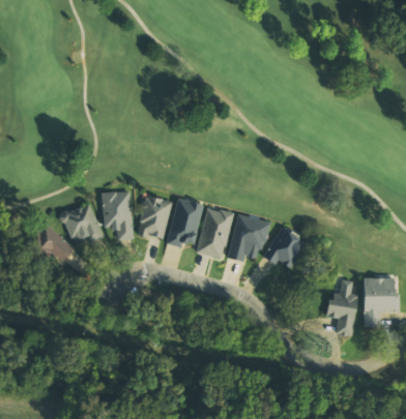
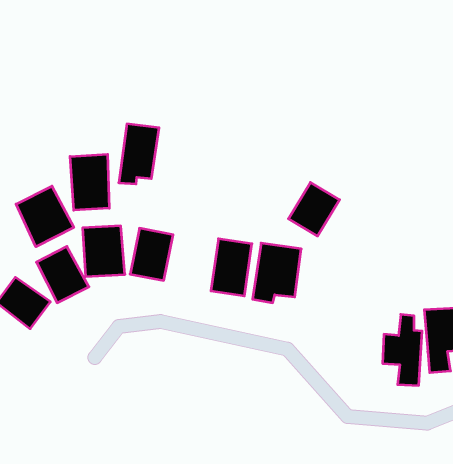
building: none -> [70,154,109,210]
building: none -> [16,186,74,247]
building: [169,199,204,246] -> [119,124,159,184]
building: [263,228,304,270] -> [288,182,340,236]

